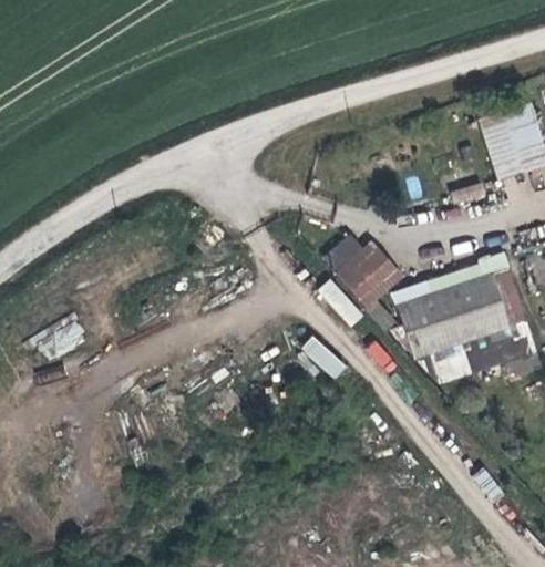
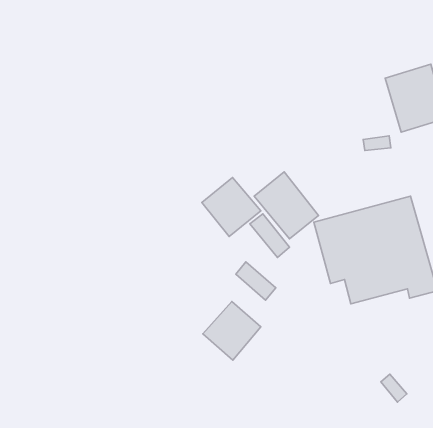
building: none -> [202,178,261,237]
building: none -> [203,302,261,360]

